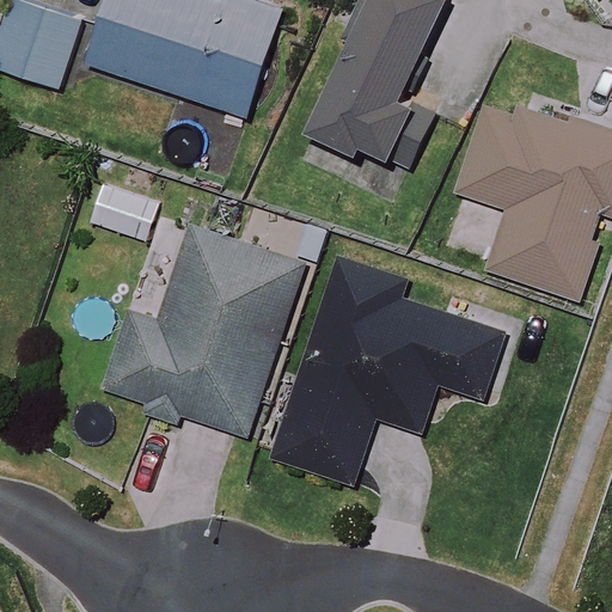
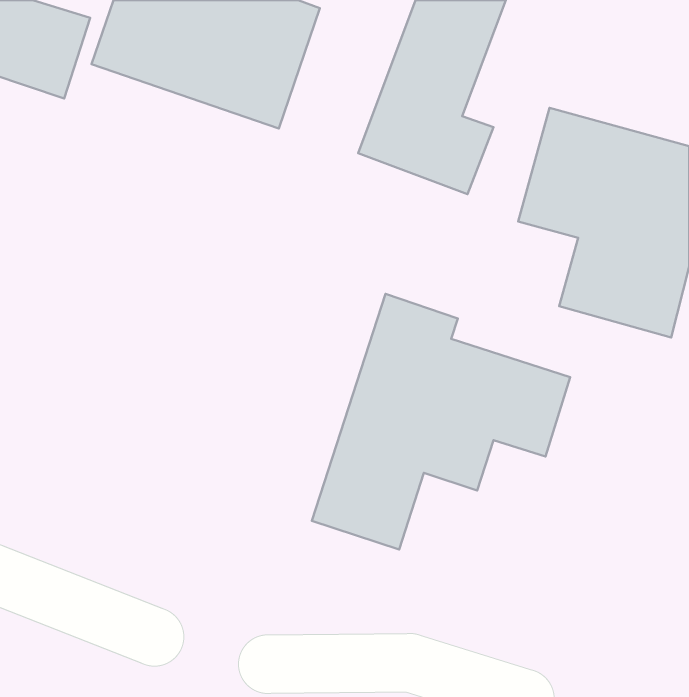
building: [103,226,300,434] -> none

